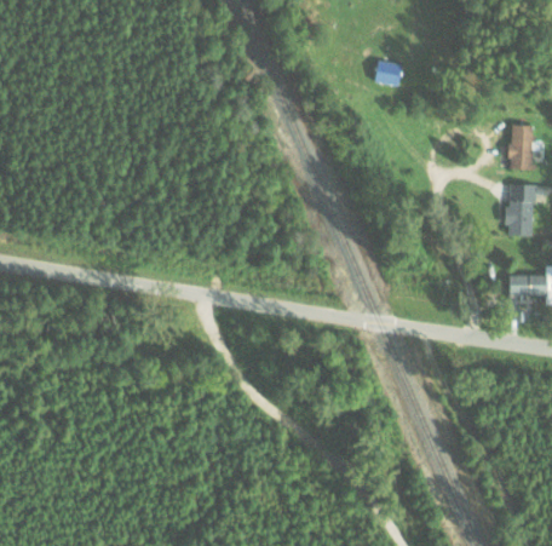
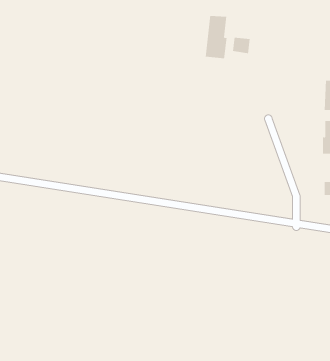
building: none -> [205,15,227,59]

